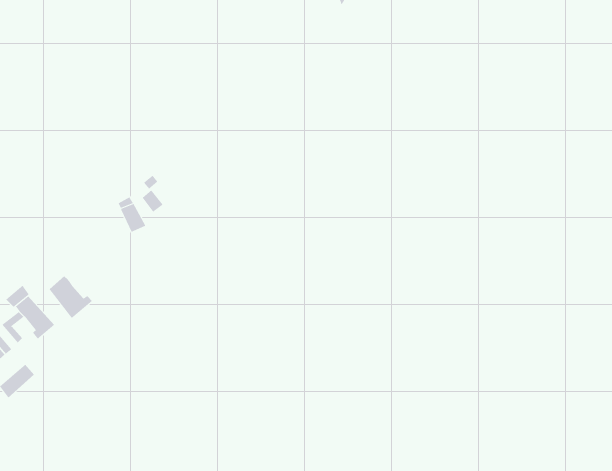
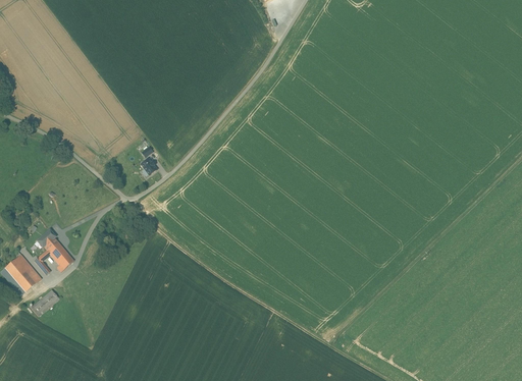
building: [49,275,93,319] -> none

